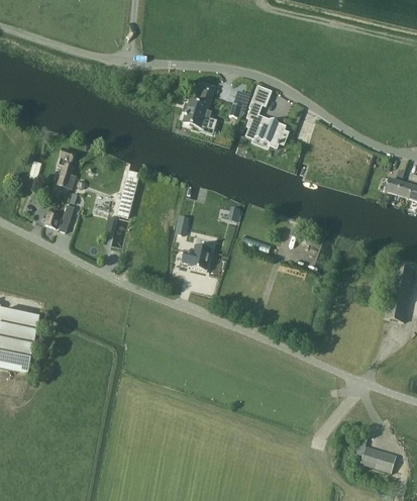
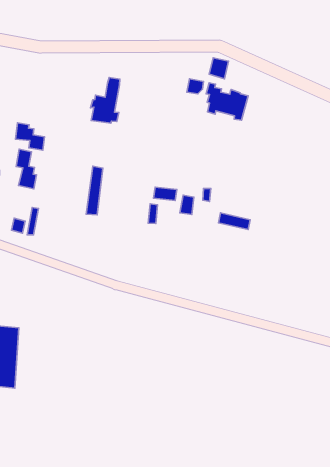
building: [183,84,215,127] -> [91,78,120,123]
building: none -> [15,123,45,150]
building: [181,243,212,272] -> none

